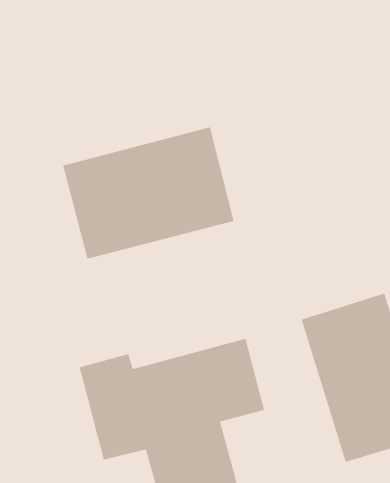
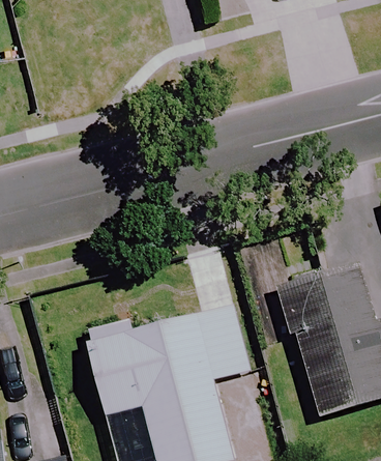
building: [62,126,234,260] -> none

